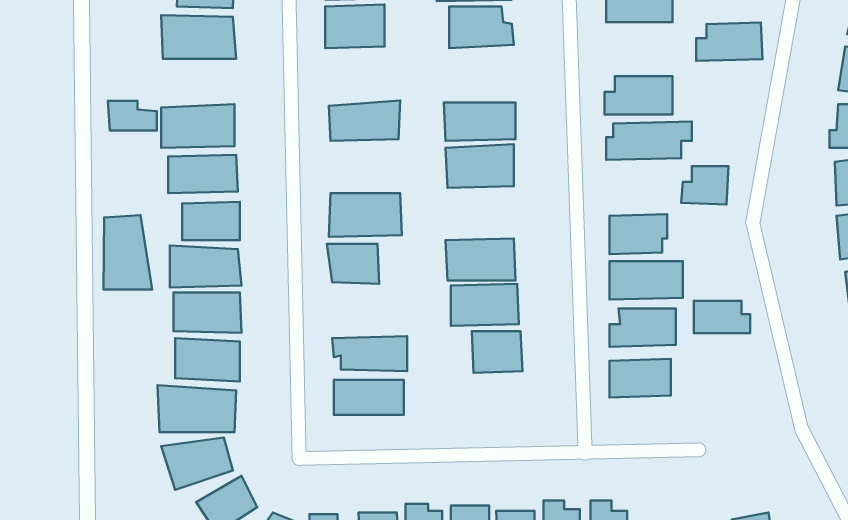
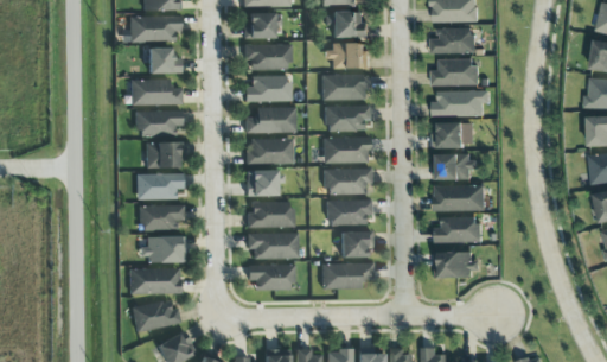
building: [696,22,762,61] -> [432,26,477,52]
building: none -> [325,43,370,70]
building: none -> [243,44,292,72]
building: [108,101,157,130] -> [148,52,181,72]
building: none -> [245,107,295,133]
building: [681,166,728,204] -> [433,121,465,147]
building: none -> [322,138,370,166]
building: [103,215,152,290] -> none
building: none -> [245,204,295,228]
building: [694,301,750,333] -> none
building: none -> [320,263,373,292]

